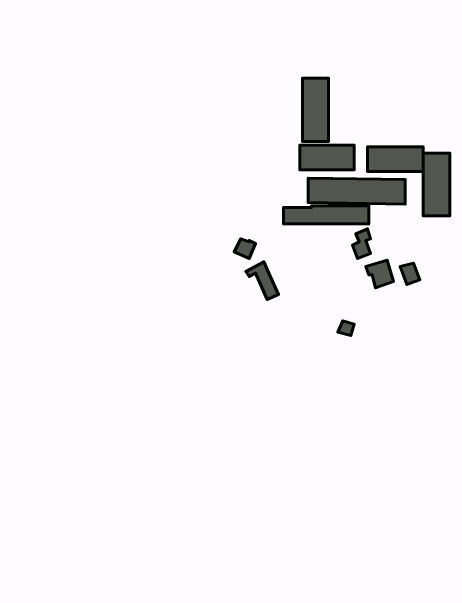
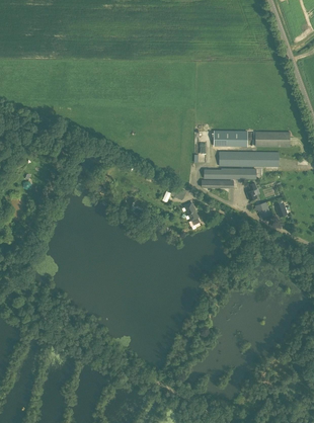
building: [303,78,329,141] -> none
building: [423,153,450,216] -> none

